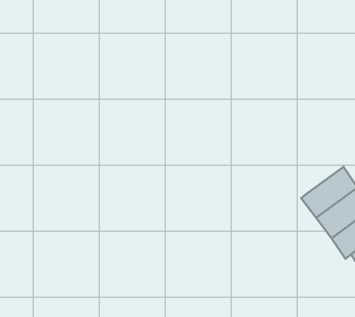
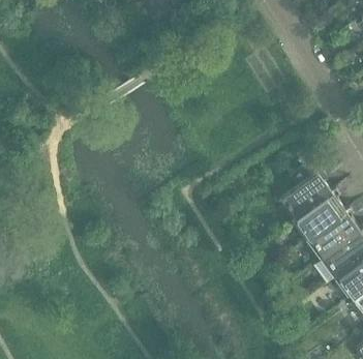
building: none -> [282,161,332,217]

